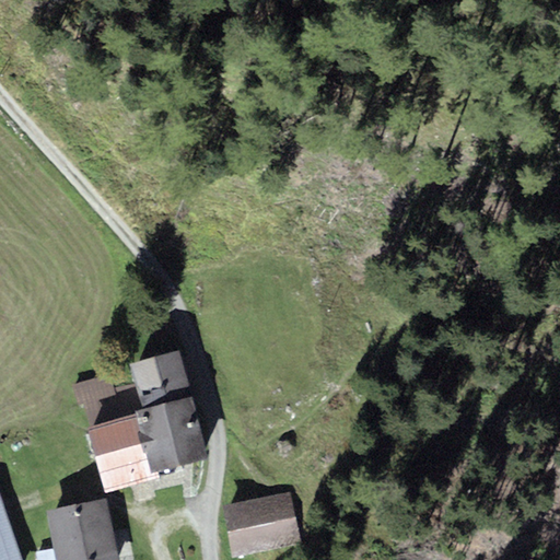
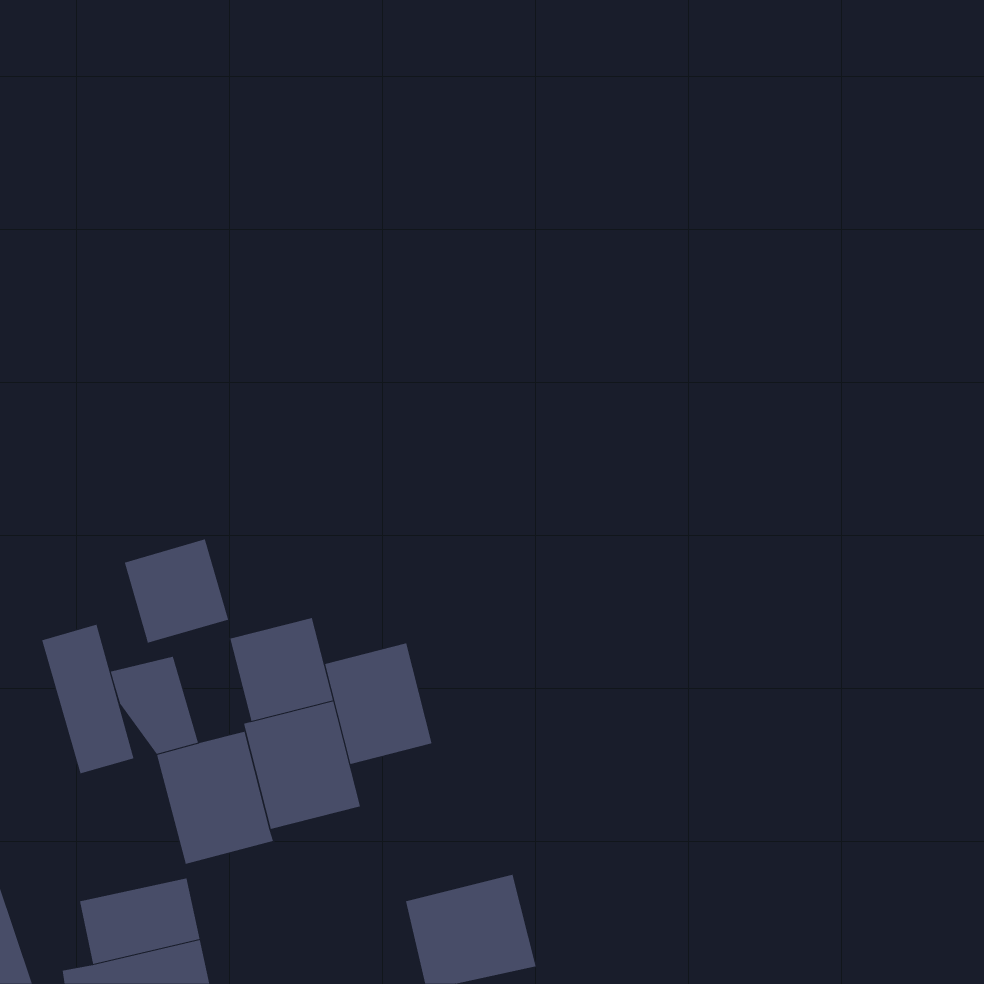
building: none -> [124,539,229,643]
building: none -> [42,624,134,774]
building: none -> [324,643,432,765]

